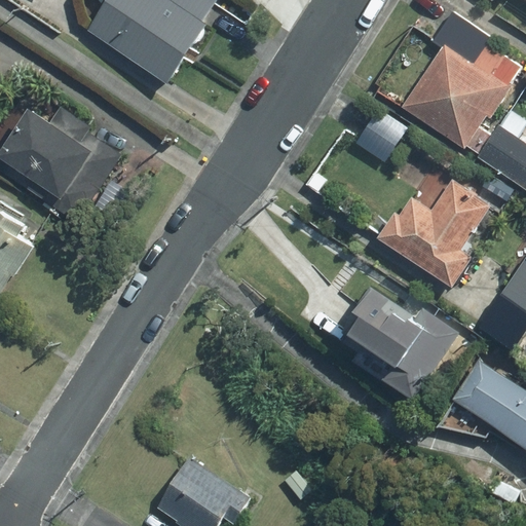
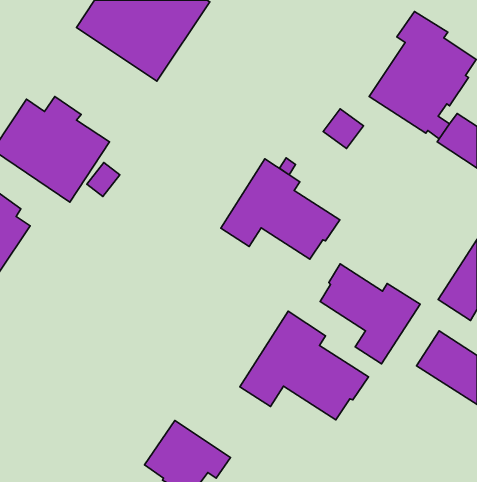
building: none -> [221,159,340,259]
building: [379,180,489,285] -> none
building: none -> [240,311,368,420]

